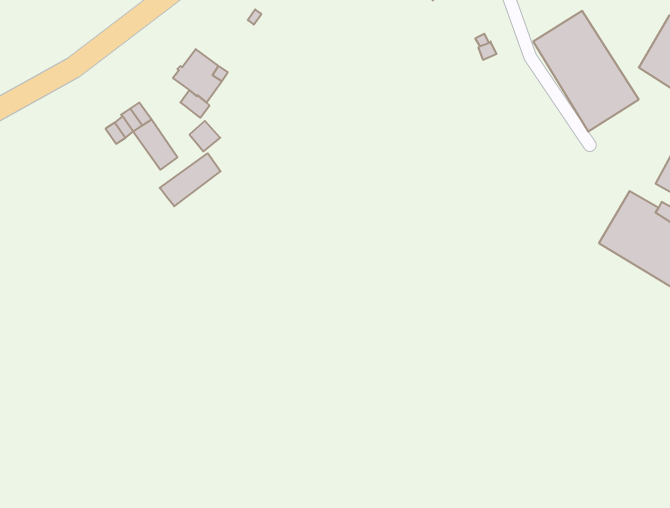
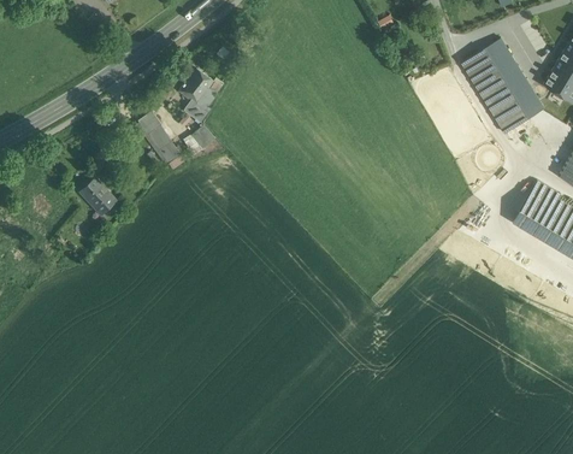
building: [160,153,221,206] -> none
building: none -> [78,177,114,214]

